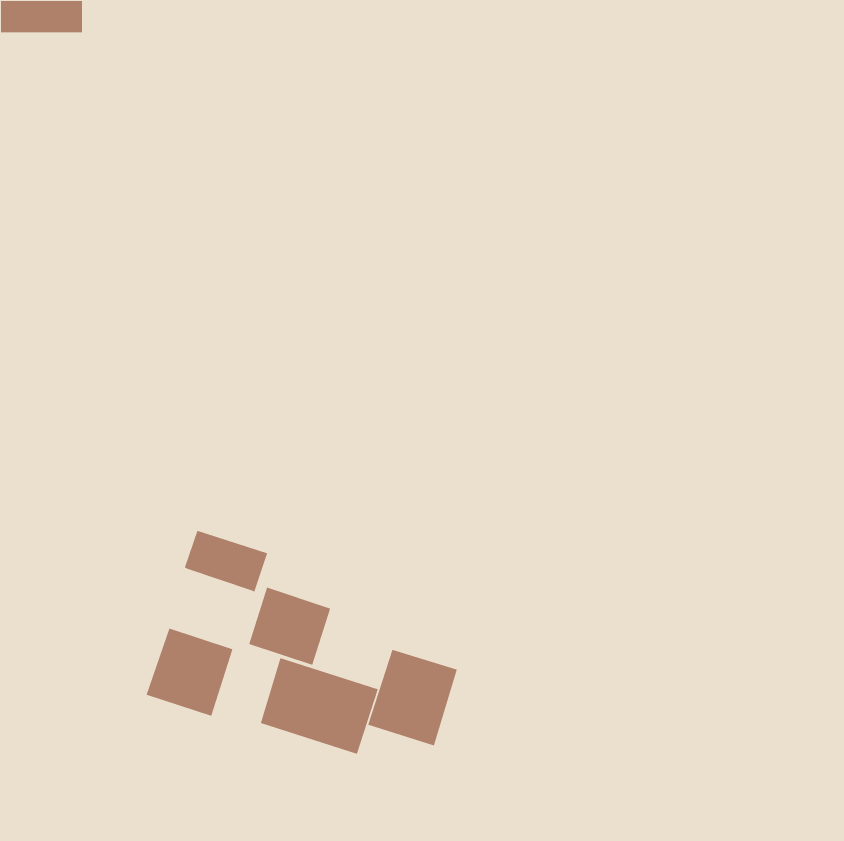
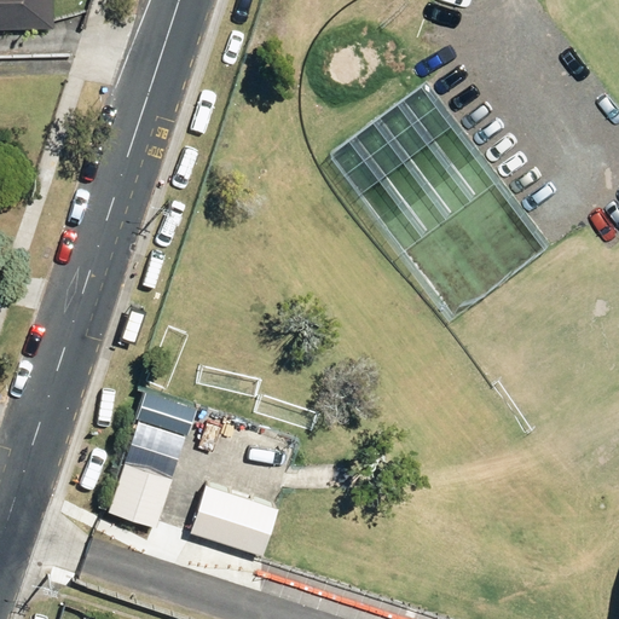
building: [248,586,331,666] -> [125,420,185,478]
building: [367,649,458,747] -> none

